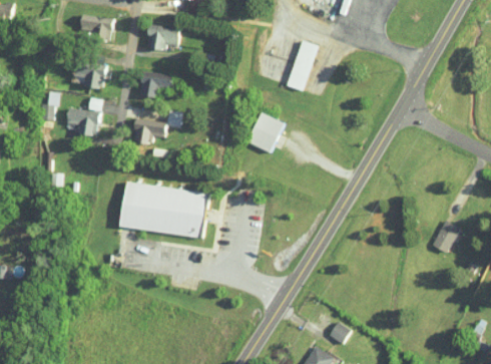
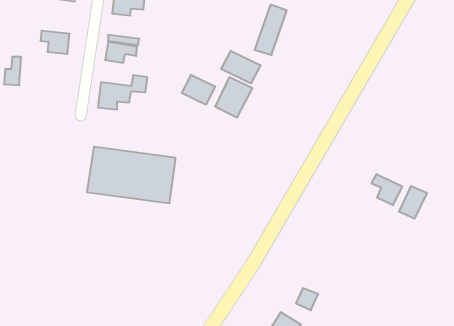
building: none -> [221,51,261,83]
building: [65,97,100,136] -> none
building: none -> [182,75,215,105]
building: none -> [372,174,402,205]

